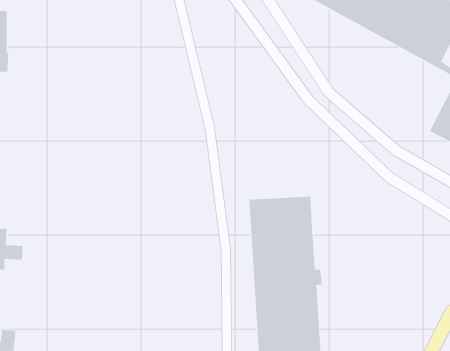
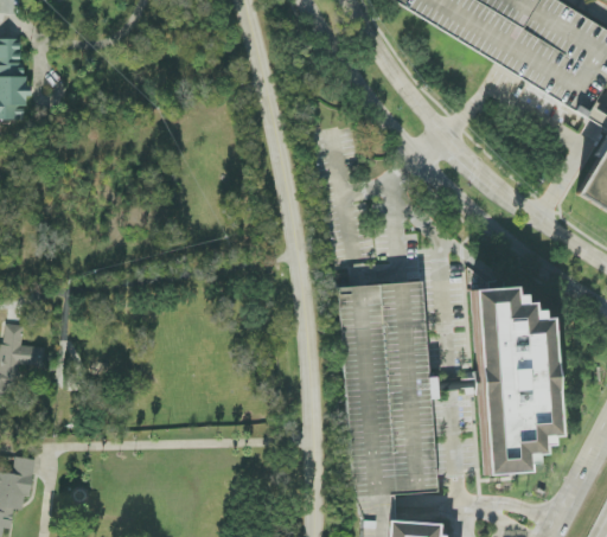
building: none -> [473,286,558,474]

